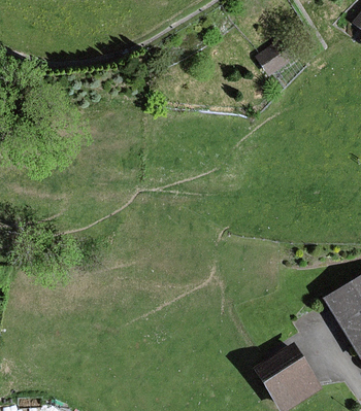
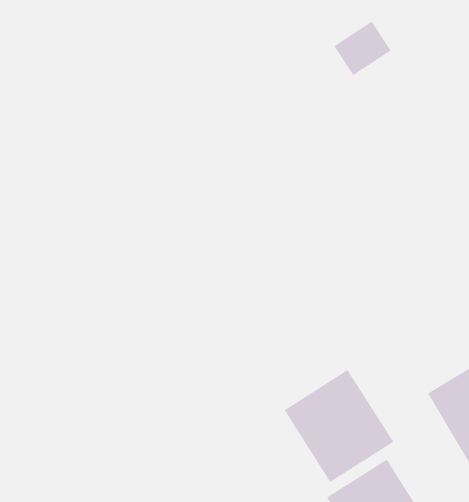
building: none -> [284,369,394,483]

